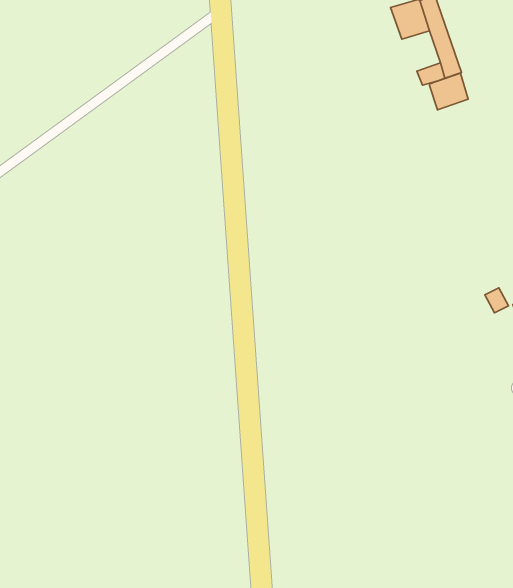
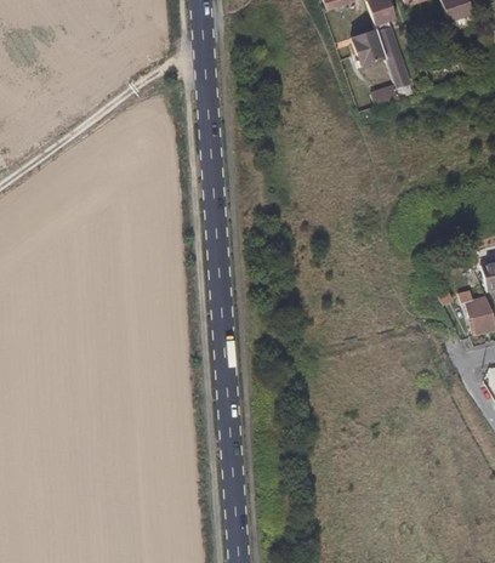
building: [429,73,468,110] -> none

